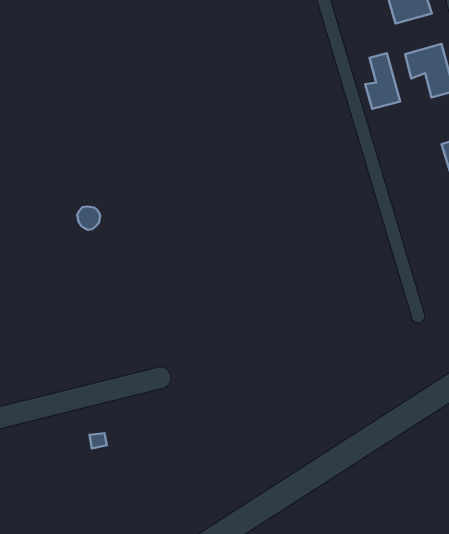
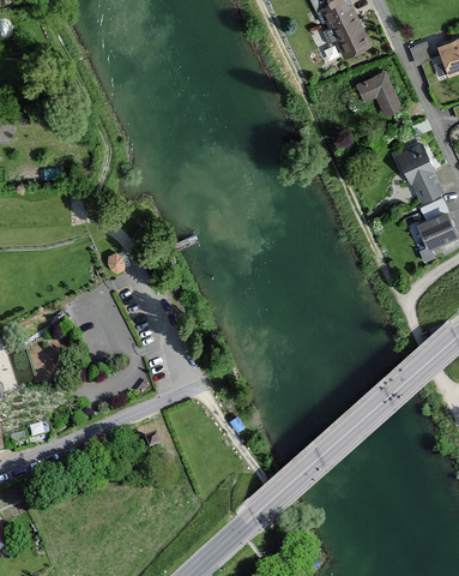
building: [365,53,400,109] -> none

